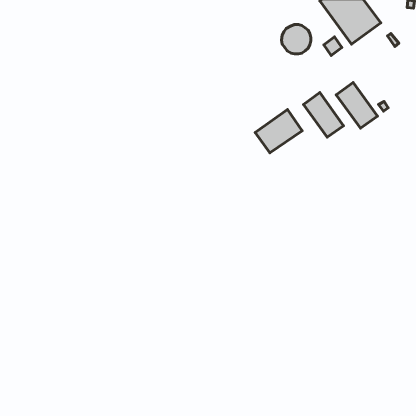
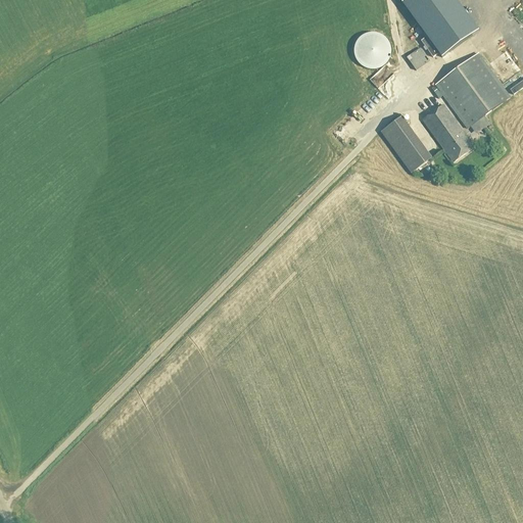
building: none -> [434,52,509,127]
building: [255,109,302,153] -> none

